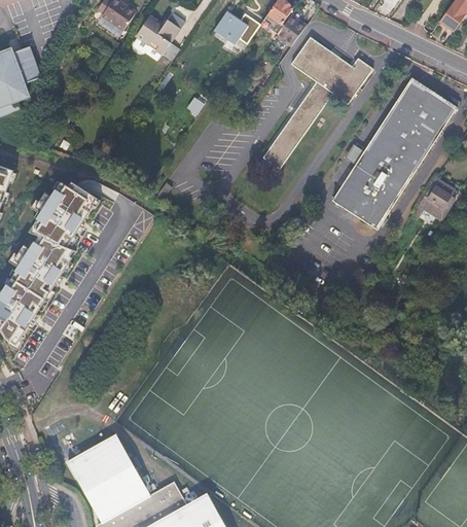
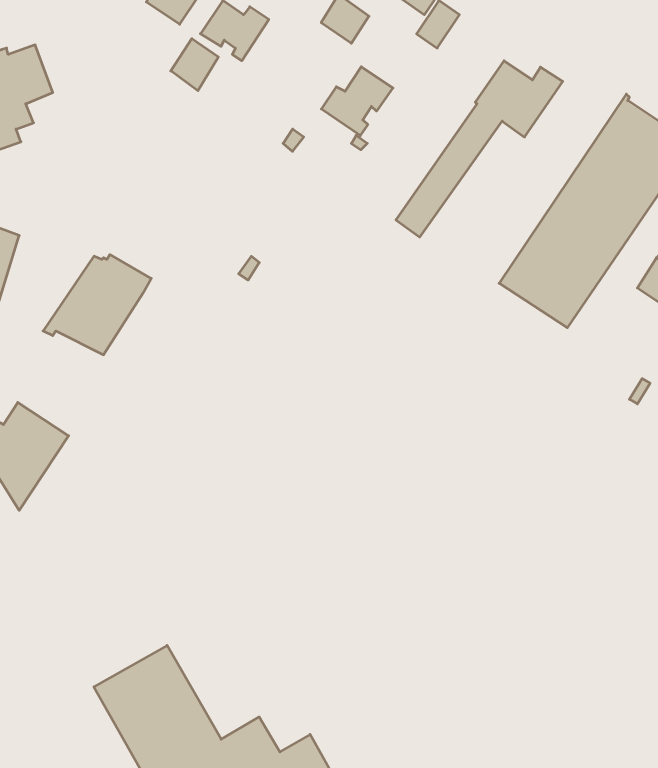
building: [289,37,332,81] -> none
building: none -> [171,39,218,91]
building: none -> [321,67,393,136]
building: [17,235,77,296] -> none

